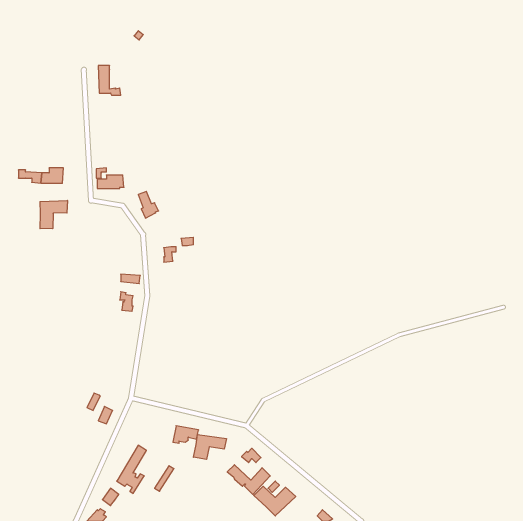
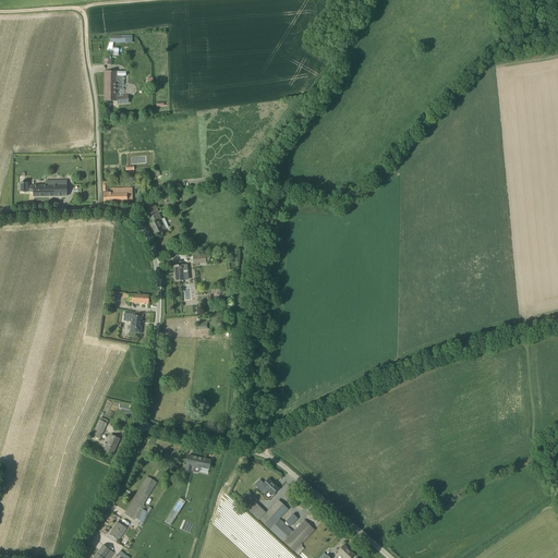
building: [40,200,67,229] -> none
building: [193,434,226,459] -> none

